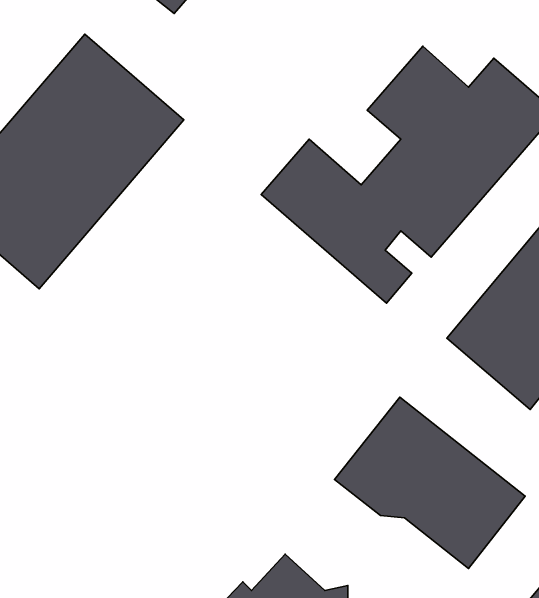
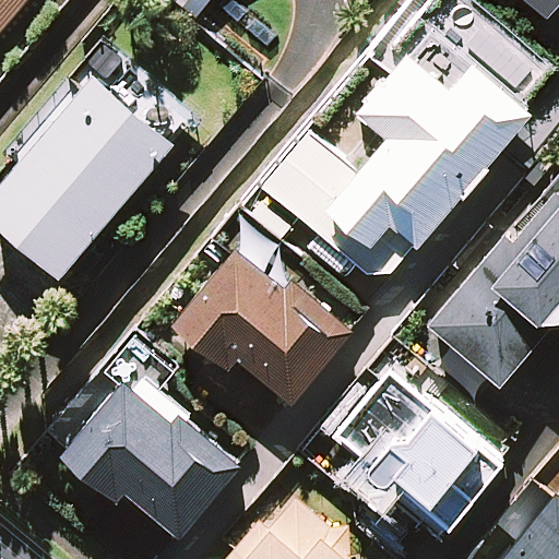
building: none -> [175,253,347,403]
building: none -> [60,347,240,545]

